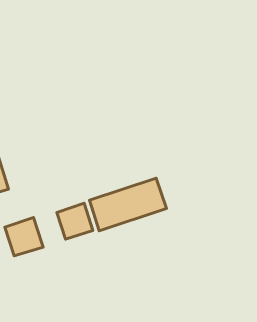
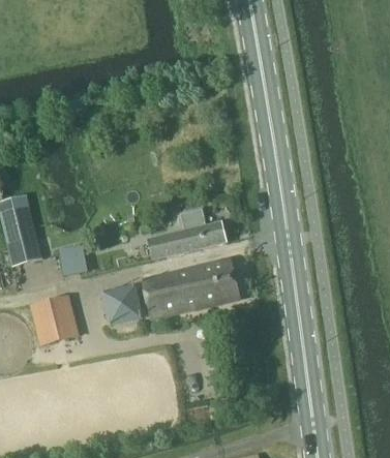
building: none -> [147,208,226,259]
building: none -> [57,245,87,276]

